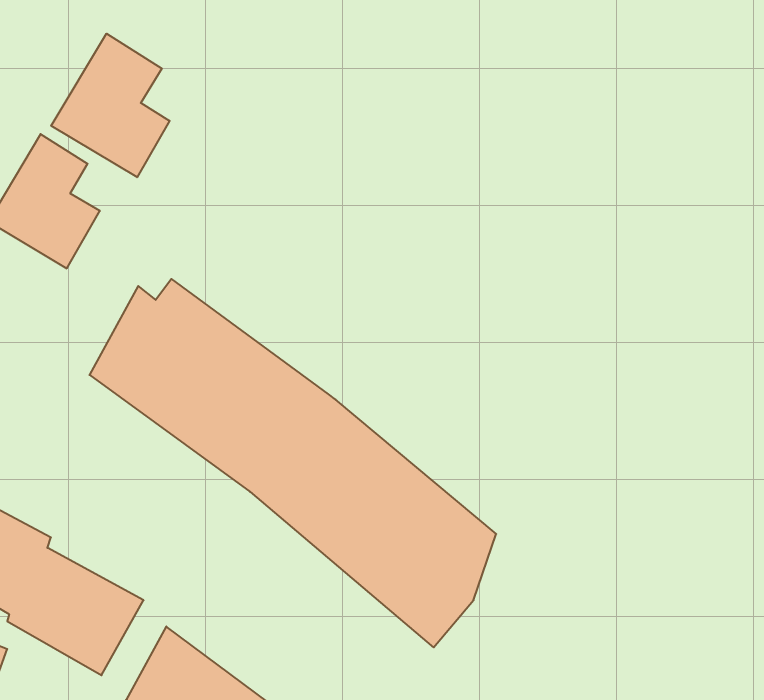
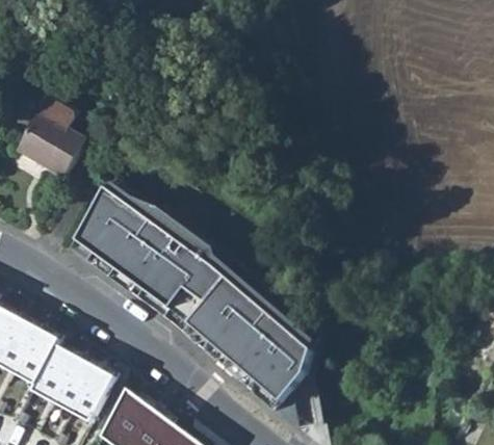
building: [51,34,170,177] -> none

